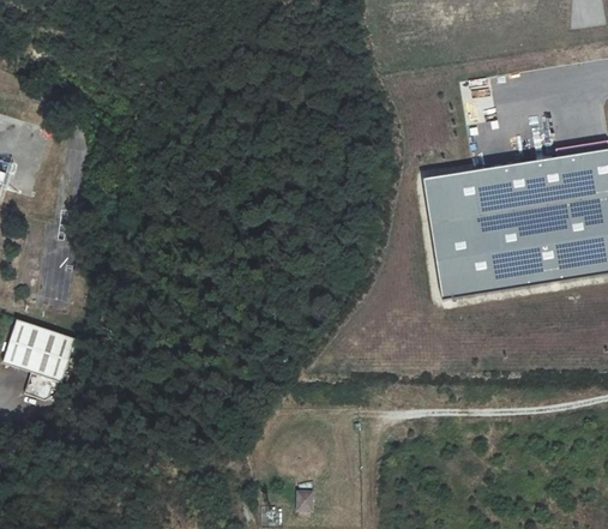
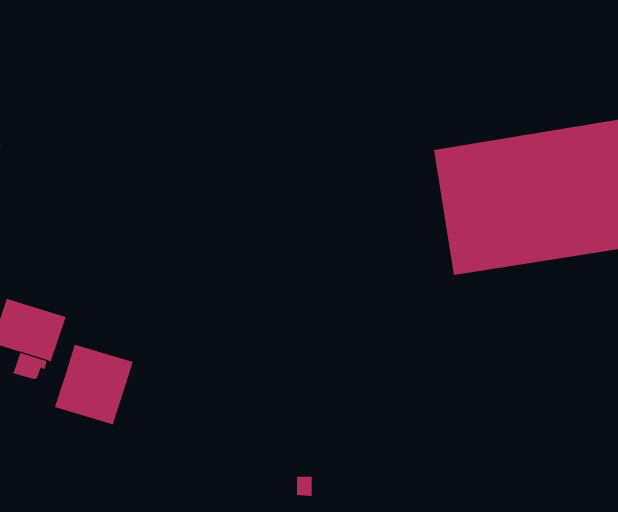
building: none -> [54,344,133,425]

